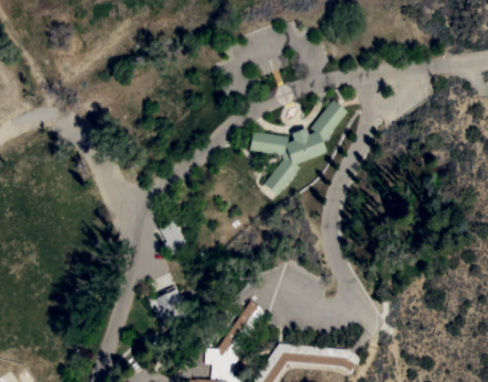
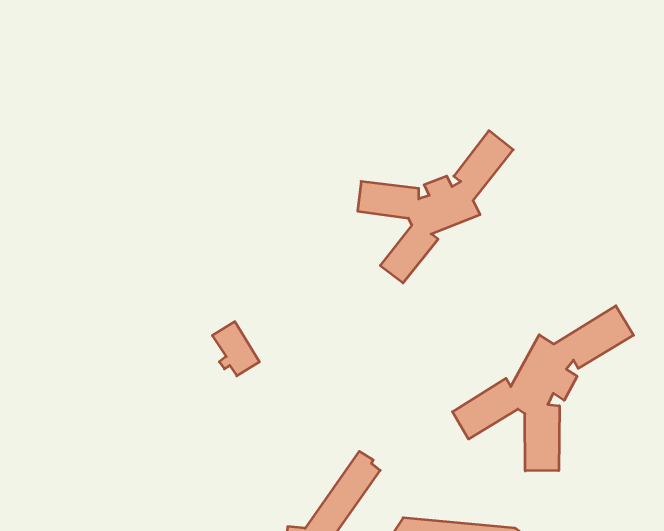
building: none -> [452,306,634,471]
building: [148,286,186,327] -> none

